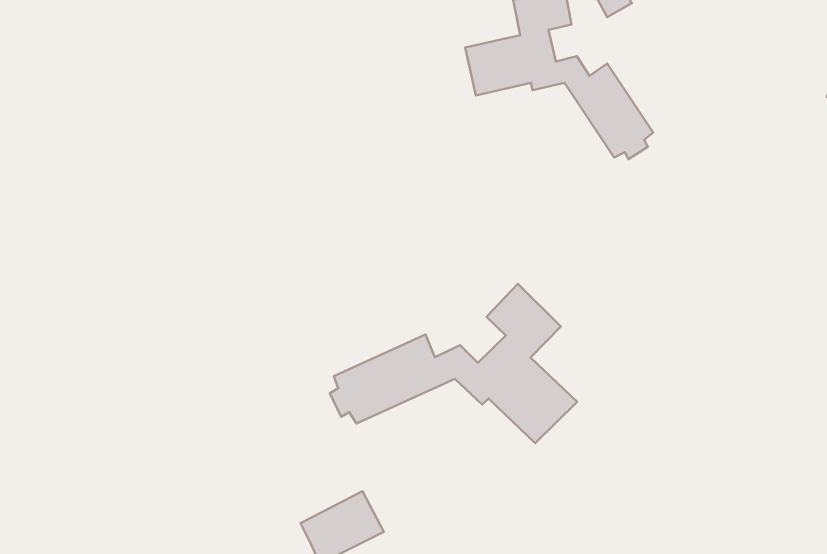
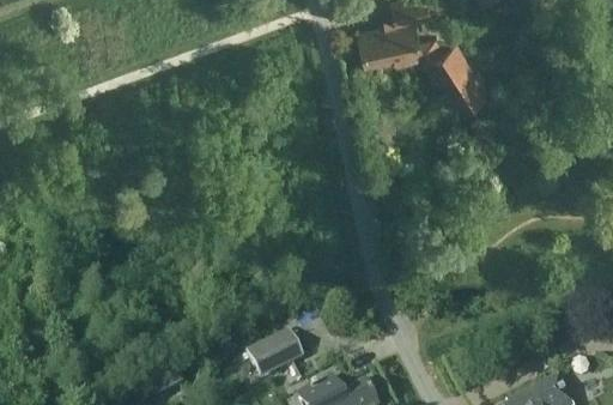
building: [330,284,577,443] -> none

